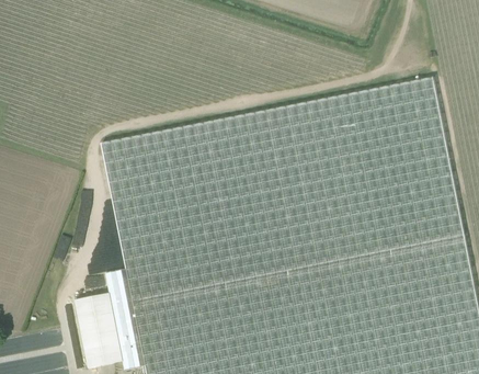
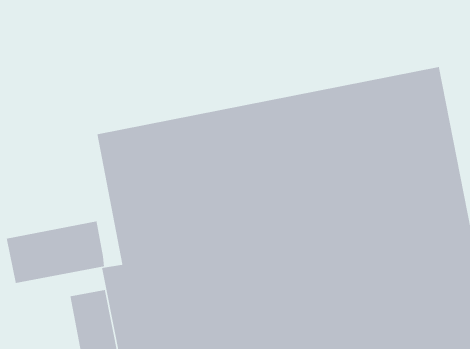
building: none -> [6,221,105,284]

